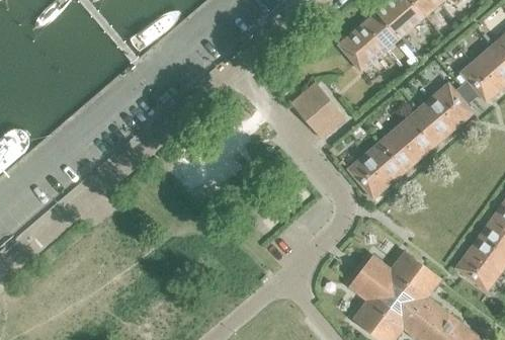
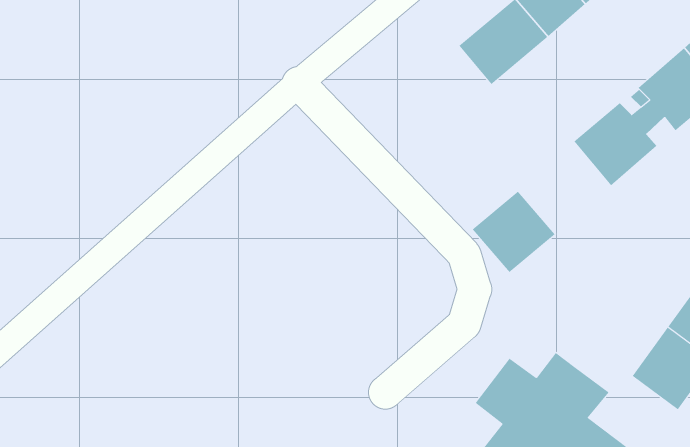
building: [290,82,345,139] -> none
building: [378,109,441,172] -> none

